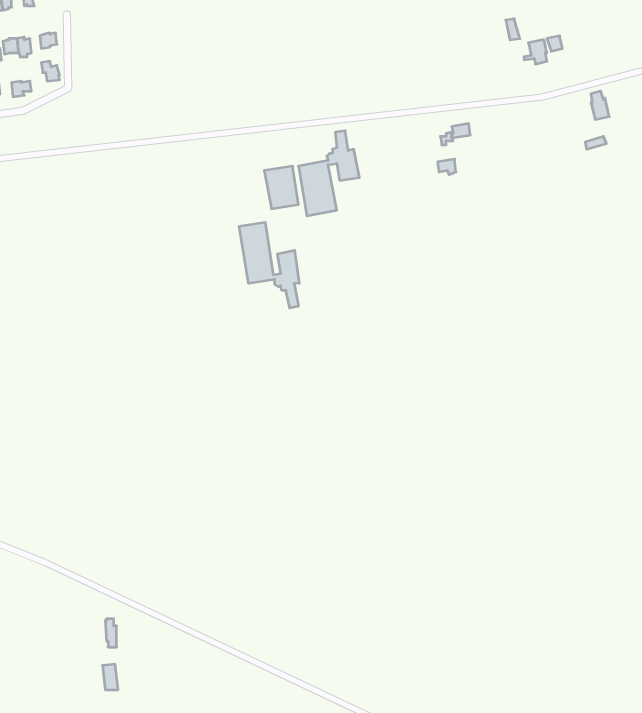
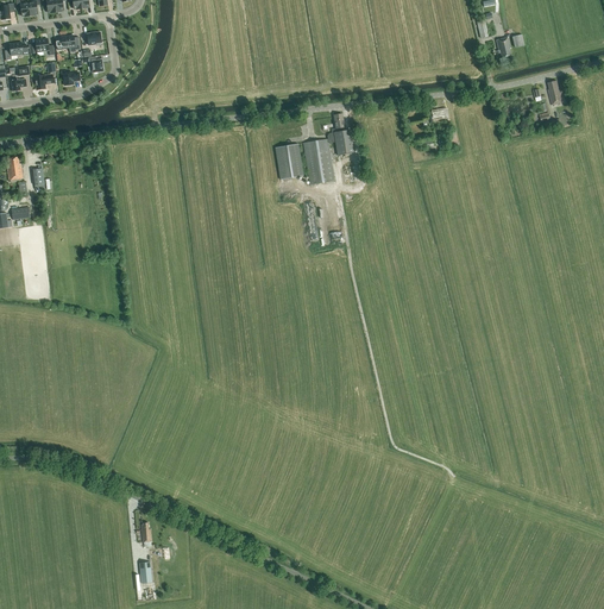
building: [239,222,299,308] -> none

